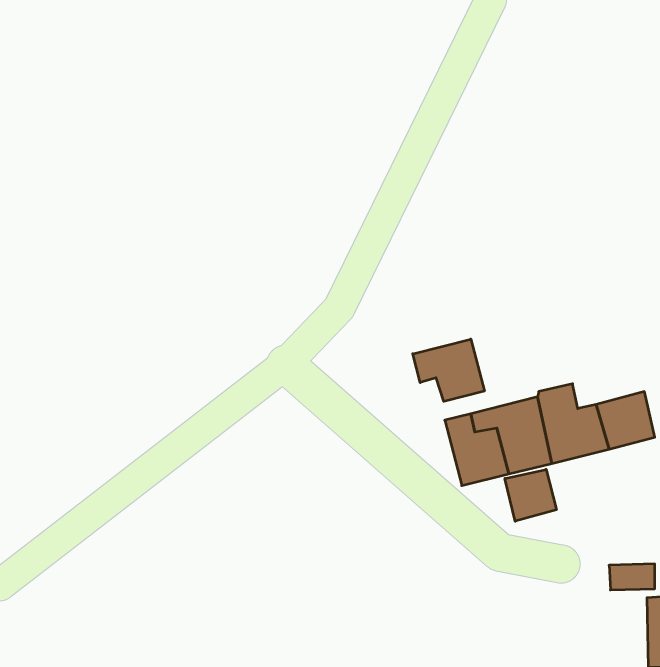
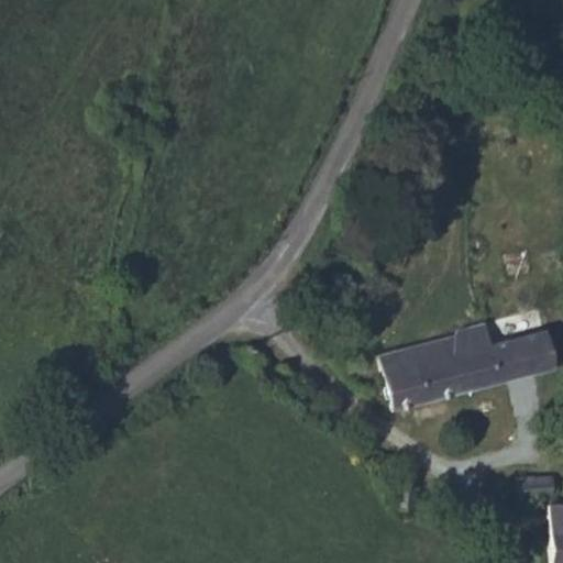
building: [413,339,484,401] -> none
building: [505,469,556,521] -> none

